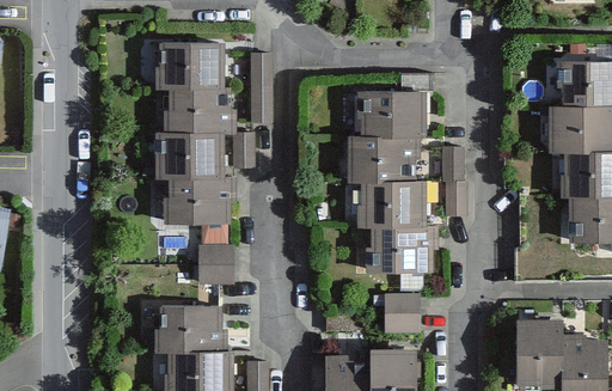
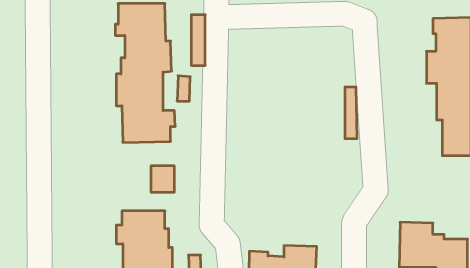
building: [350,91,435,269] -> none
building: [385,295,417,331] -> none

